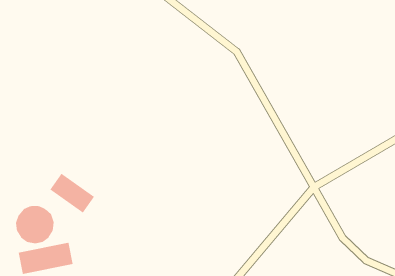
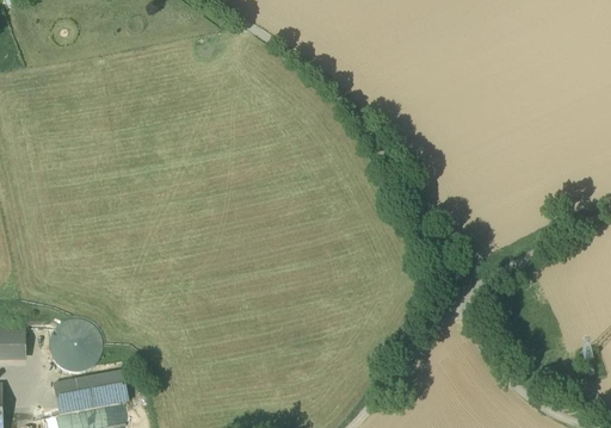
building: [49,173,95,214] -> none

